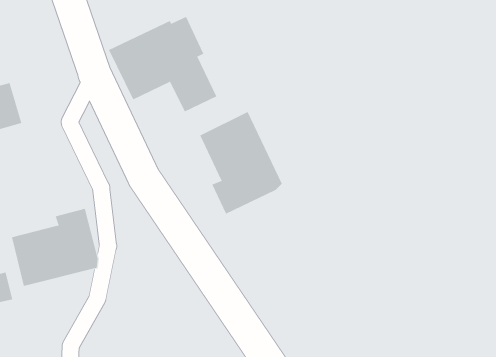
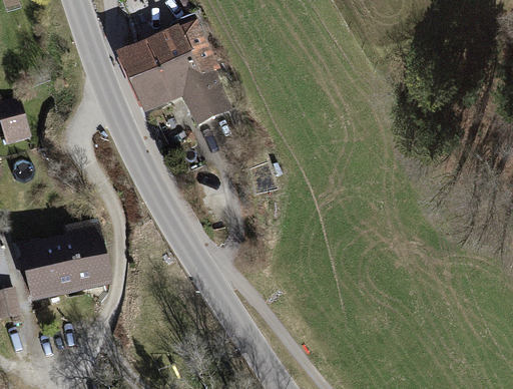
building: [199,111,283,214] -> none

